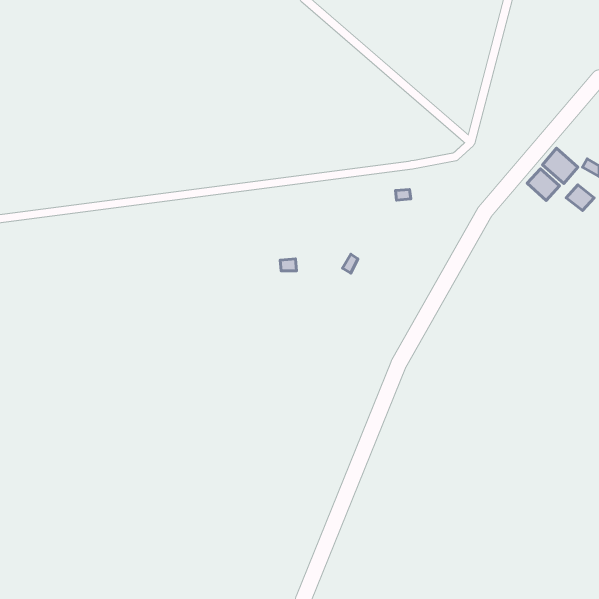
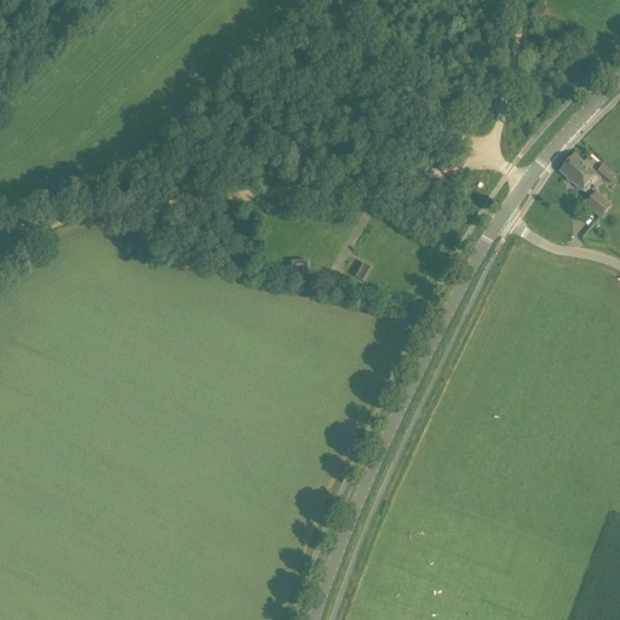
building: [527,169,560,200] -> none

